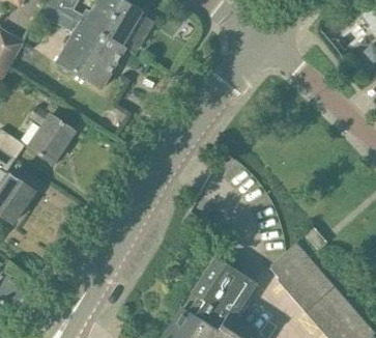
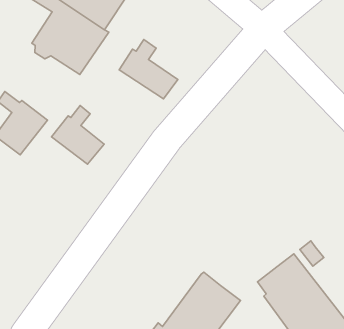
building: none -> [119,40,178,99]
building: none -> [52,106,104,164]

